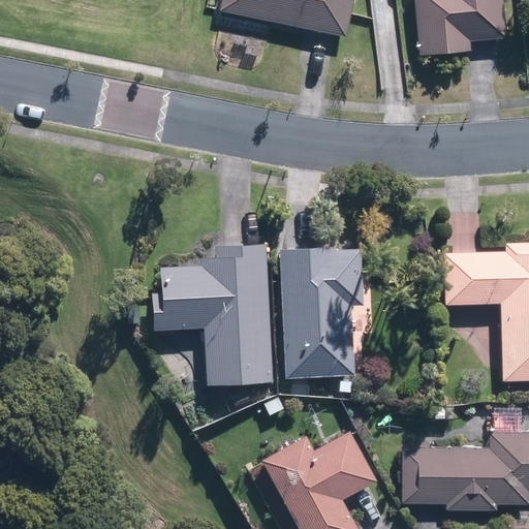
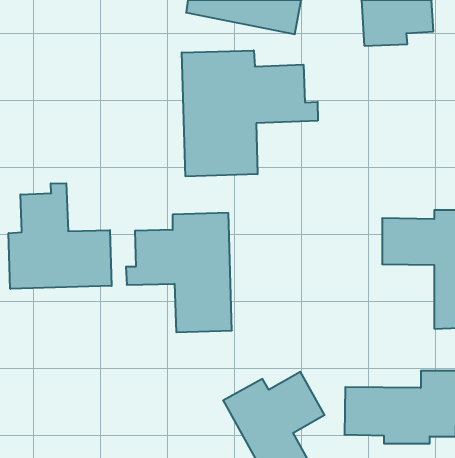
building: none -> [182,50,318,176]
building: none -> [9,183,112,289]
building: [280,246,362,375] -> none

